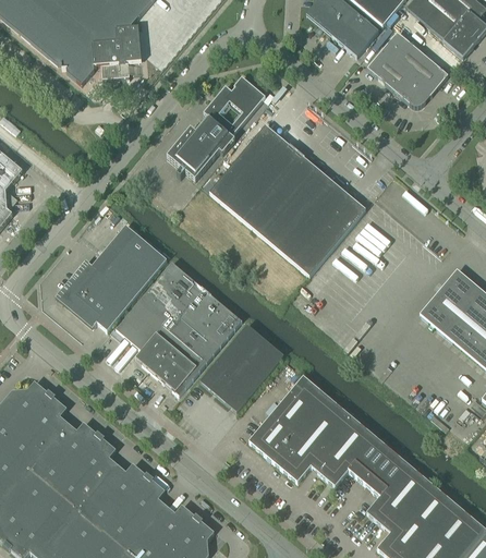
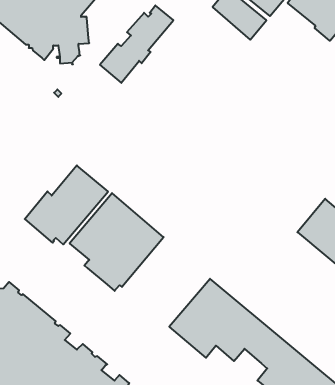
building: [367,32,448,106] -> none
building: [167,76,265,180] -> [100,5,173,83]
building: [209,125,365,276] -> none
building: [199,325,283,411] -> none

